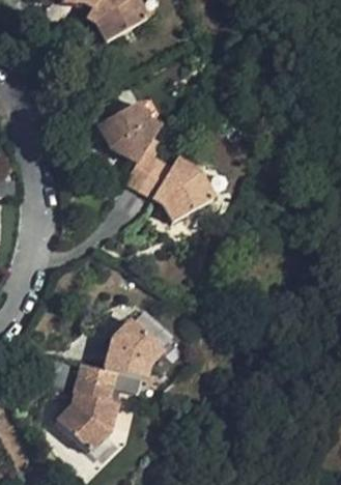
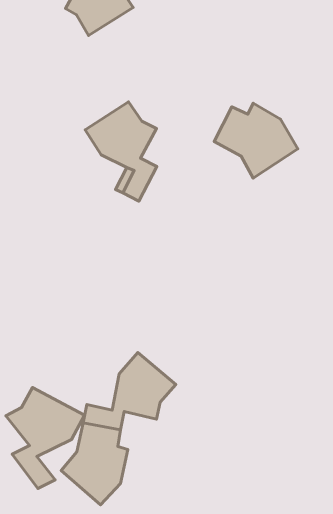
building: [140,156,212,222] -> [214,103,298,178]
building: none -> [6,387,85,488]

